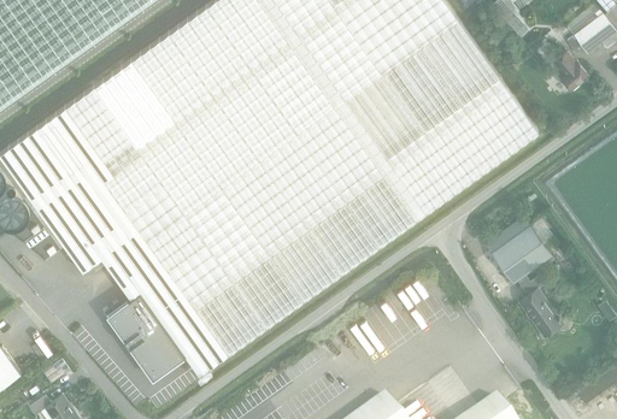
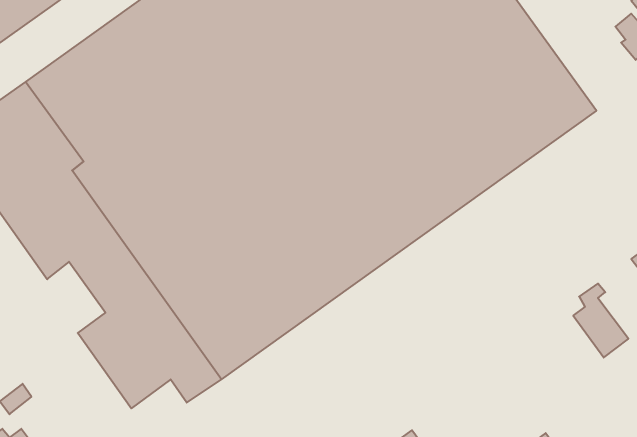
building: [492,222,554,283] -> none

